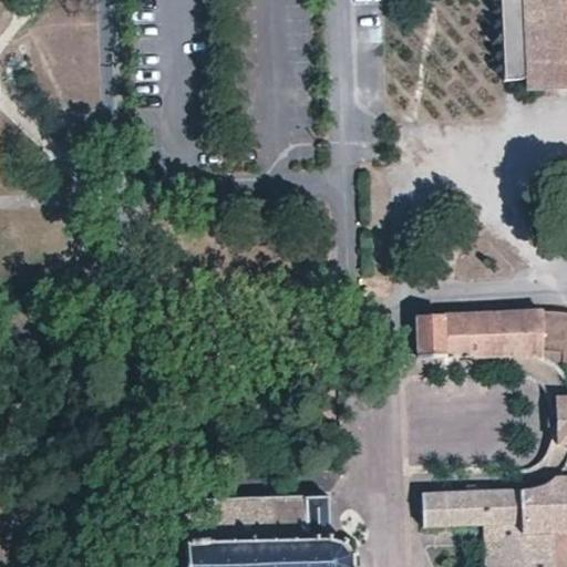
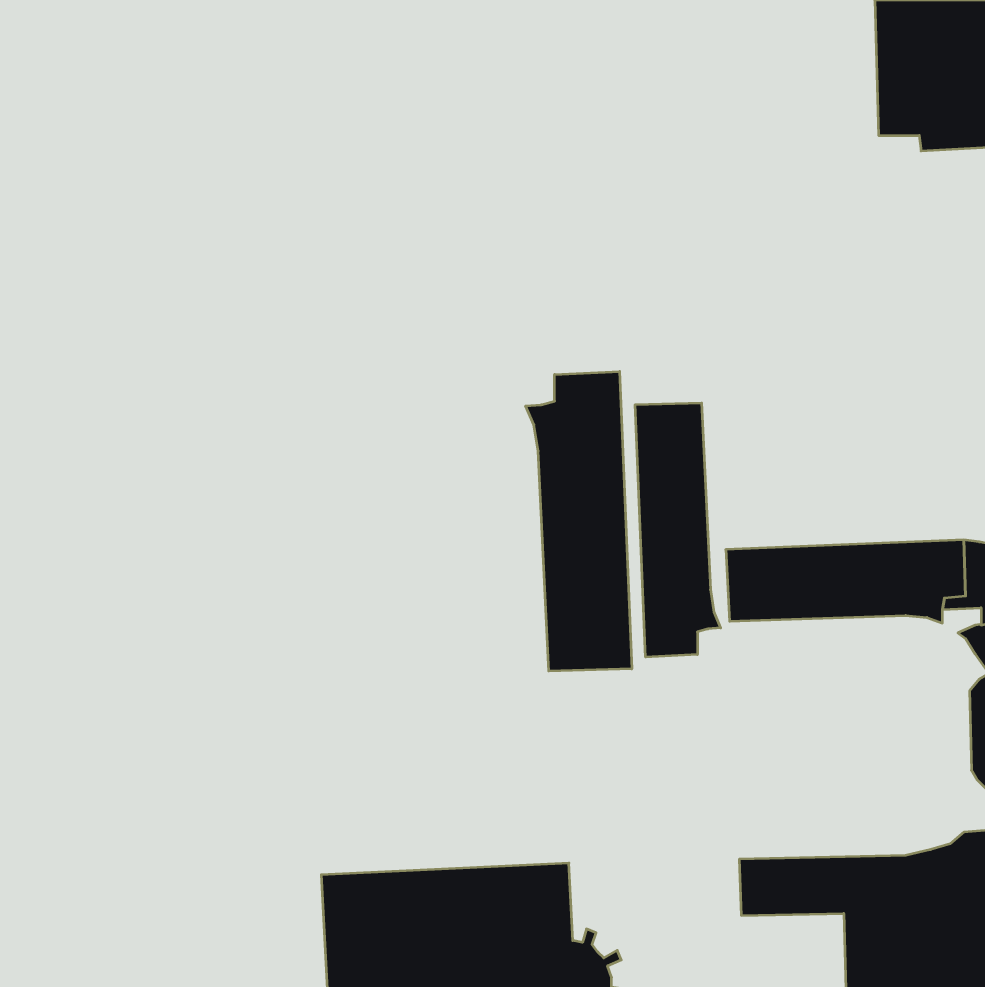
building: none -> [526,371,632,671]
building: none -> [635,403,721,657]

